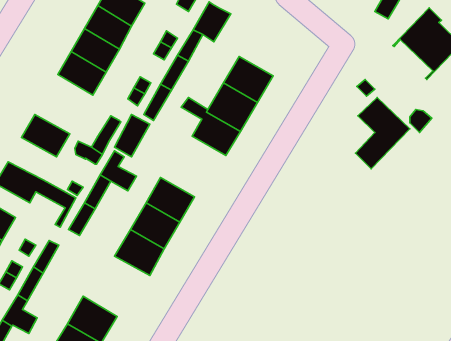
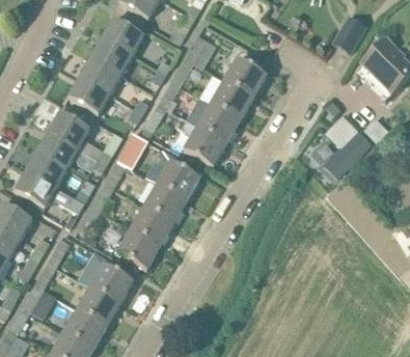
building: none -> [224,57,267,97]
building: none -> [49,110,90,146]
building: none -> [26,149,67,186]
building: none -> [157,160,200,200]
building: none -> [90,263,133,303]

